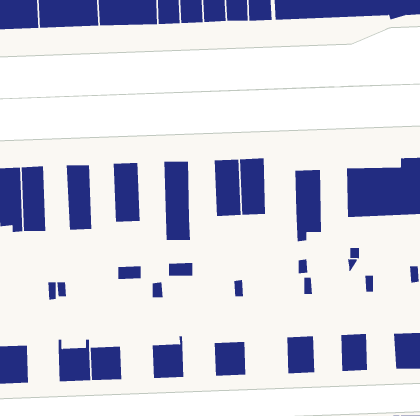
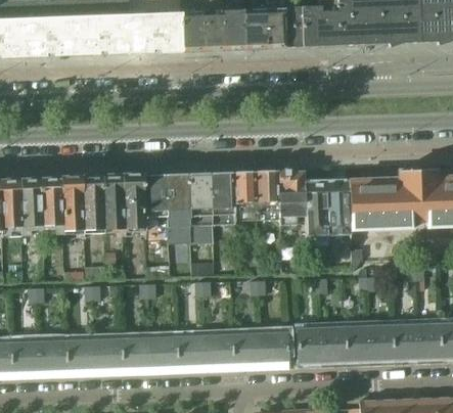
building: none -> [277,169,305,226]
building: none -> [210,172,234,224]
building: none -> [165,173,189,244]
building: none -> [122,175,144,233]
building: none -> [81,176,103,235]
building: none -> [327,179,352,243]
building: none -> [368,326,394,359]
building: none -> [205,327,233,365]
building: none -> [321,327,346,361]
building: none -> [260,332,288,363]
building: none -> [149,336,178,367]
building: none -> [66,339,94,370]

